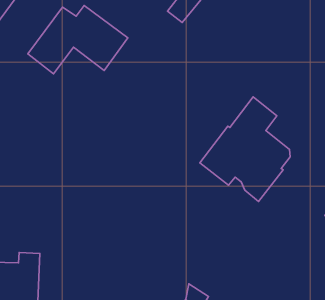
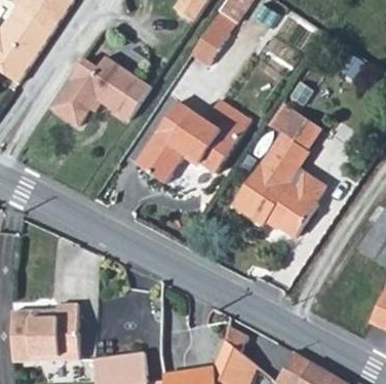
building: none -> [137,101,248,184]
building: none -> [266,107,317,152]

